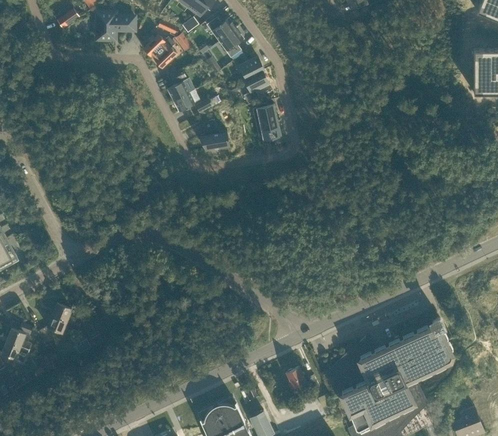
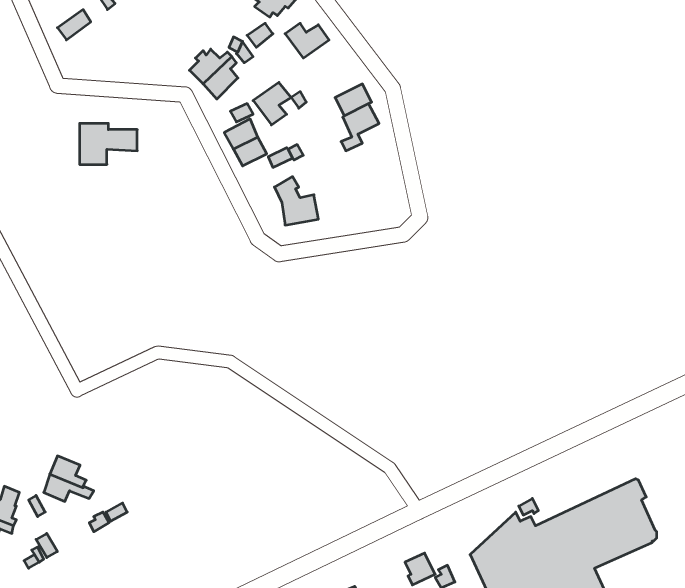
building: [97,14,135,41] -> [80,123,137,164]
building: [219,30,244,58] -> [253,82,291,125]
building: [252,104,281,140] -> none

